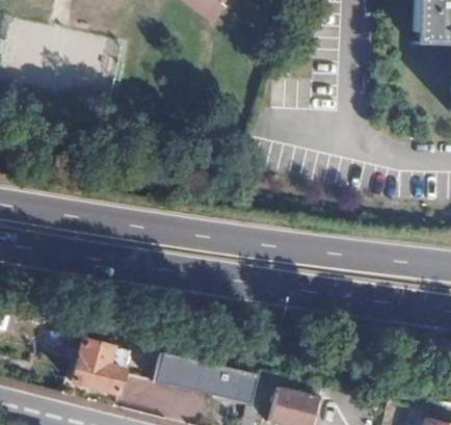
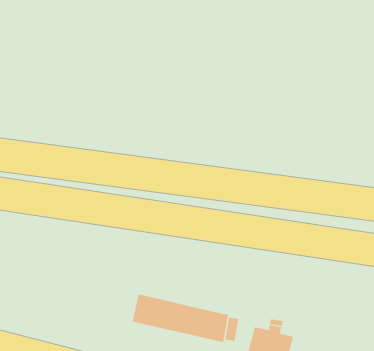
building: [75,338,131,394] -> none

